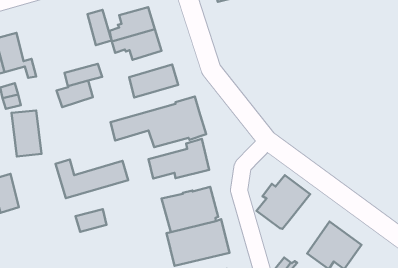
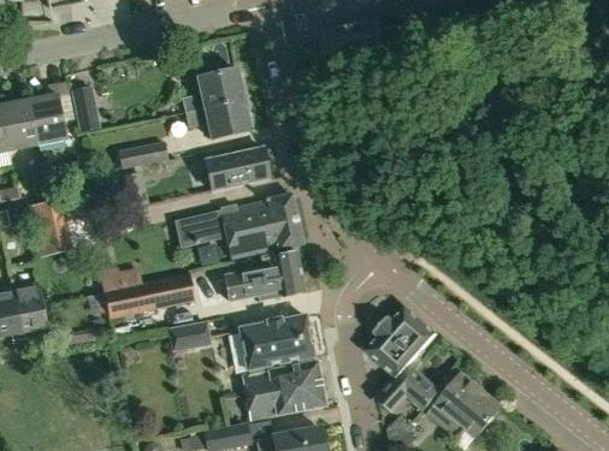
building: [88,10,112,45] -> [71,84,101,131]
building: [75,209,106,232] -> [168,320,209,349]
building: none -> [376,363,439,410]

